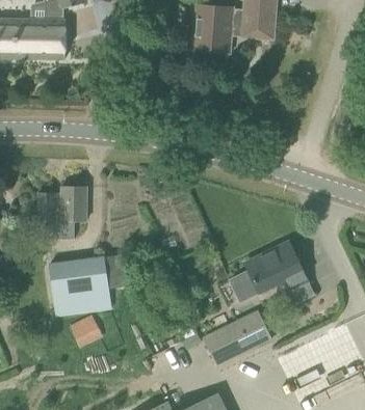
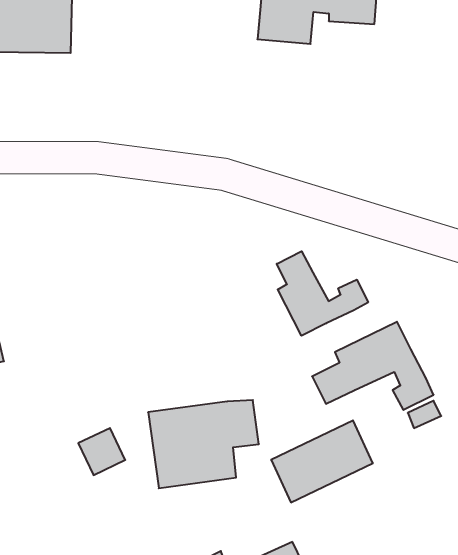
building: [38,183,87,240] -> none
building: none -> [277,251,368,336]
building: [50,256,126,317] -> [148,400,259,488]

